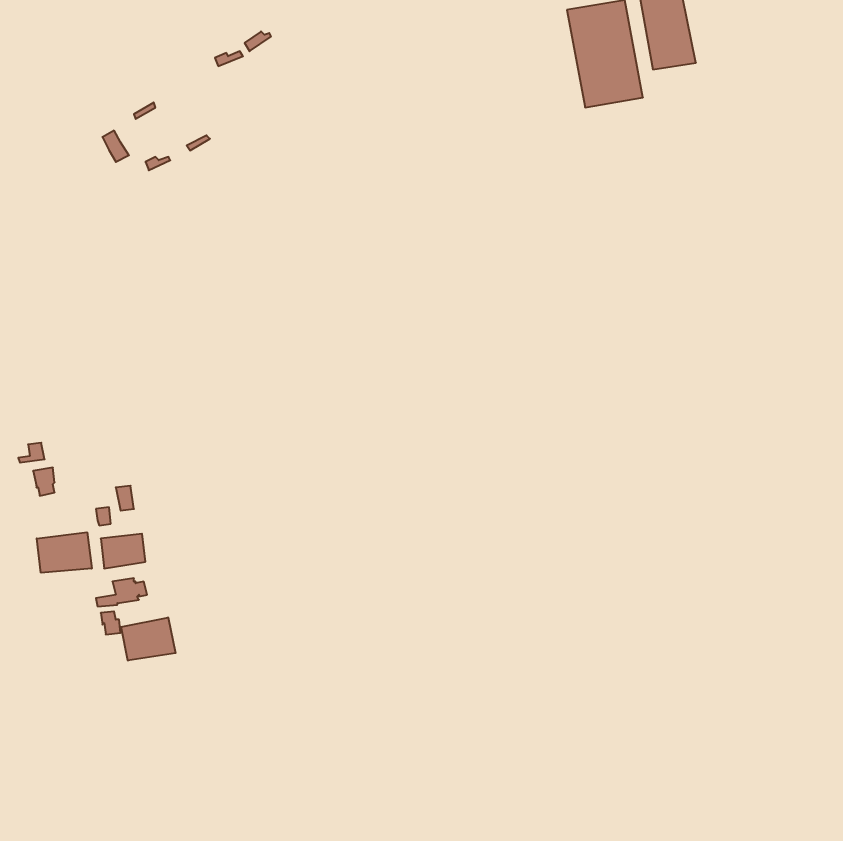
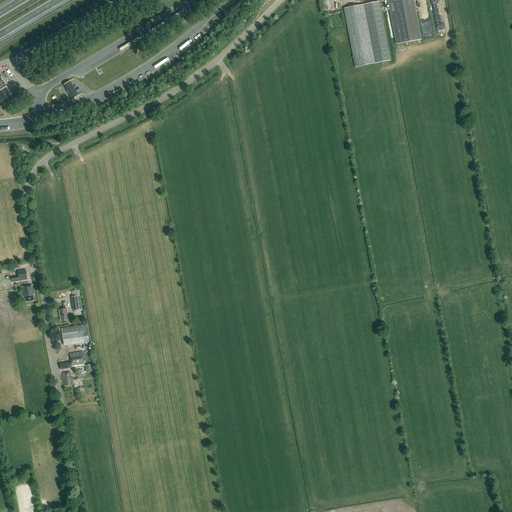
building: [37,532,92,573] -> none
building: [121,617,176,661] -> none

